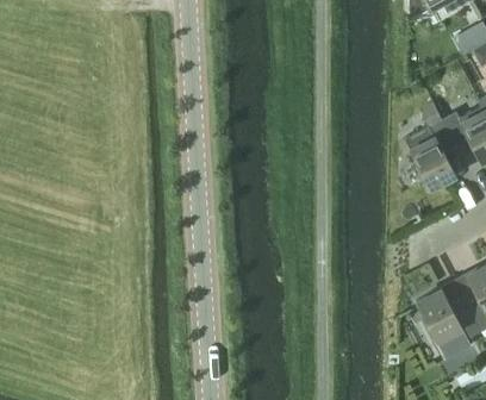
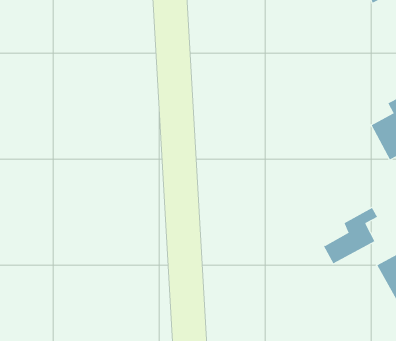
building: none -> [323,207,378,264]

